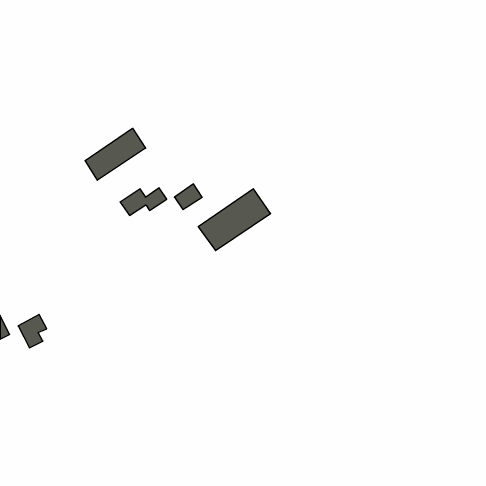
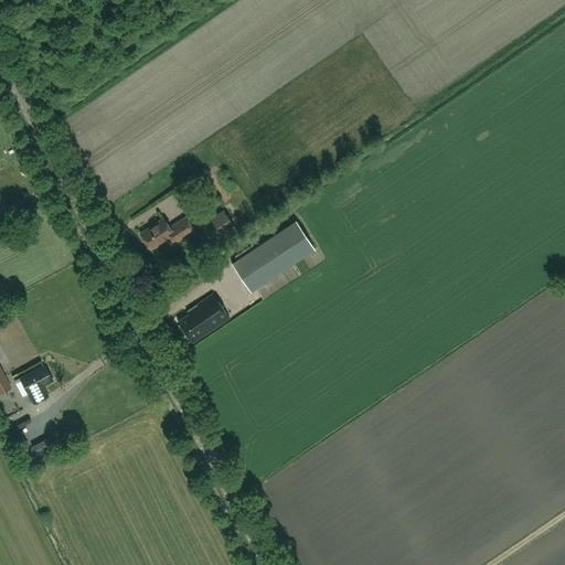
building: [85,128,146,180] -> none
building: none -> [178,296,230,343]

